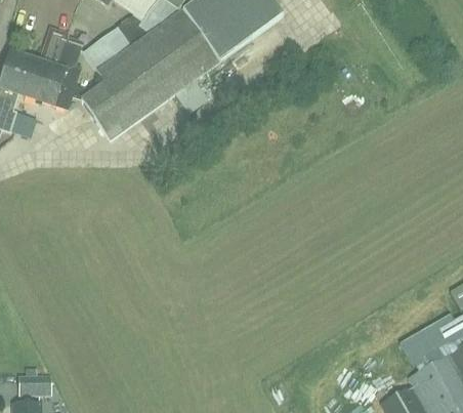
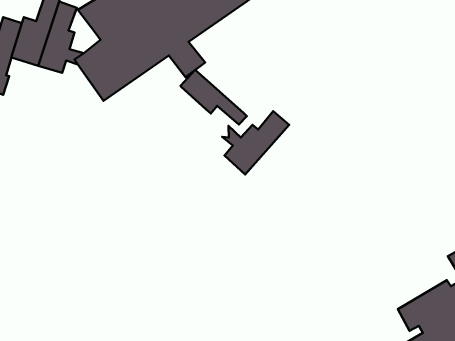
building: none -> [180,70,247,125]
building: none -> [222,111,289,174]

